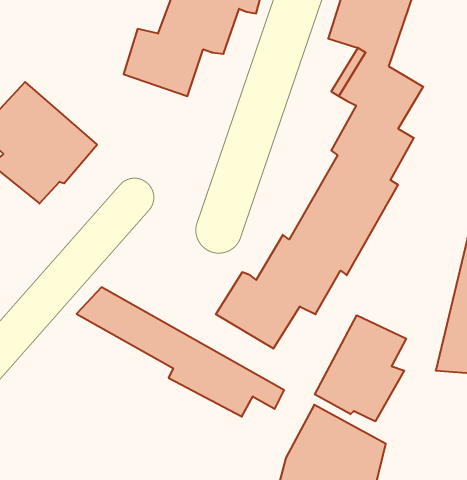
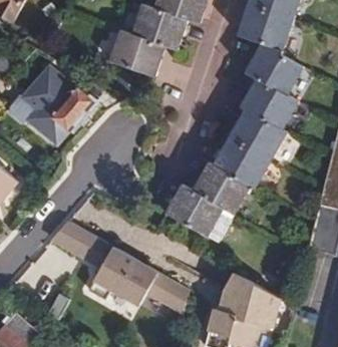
building: [77,287,284,417] -> [50,222,184,305]
building: [315,315,406,421] -> none

